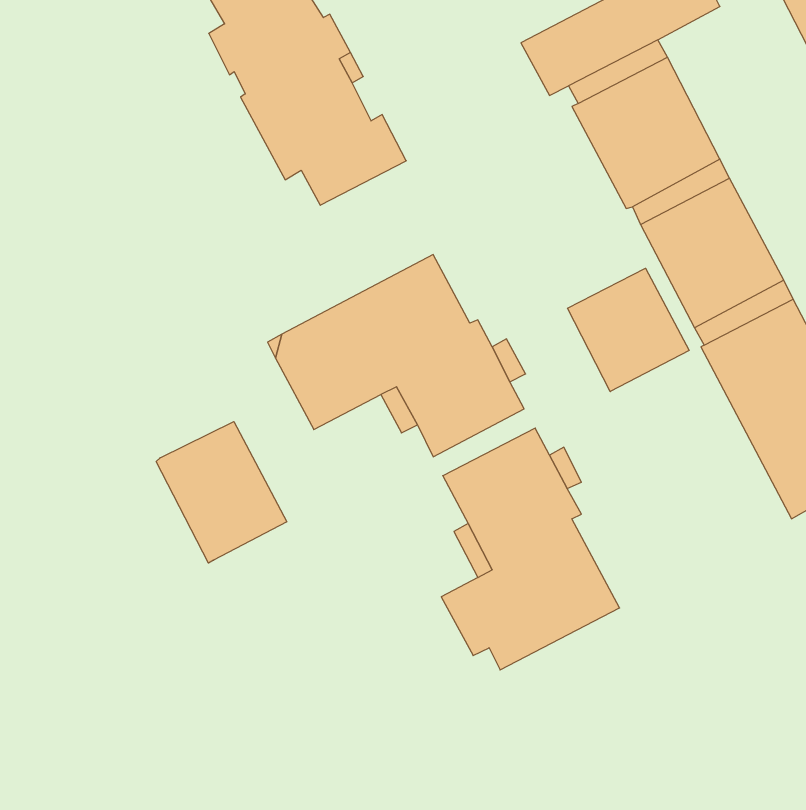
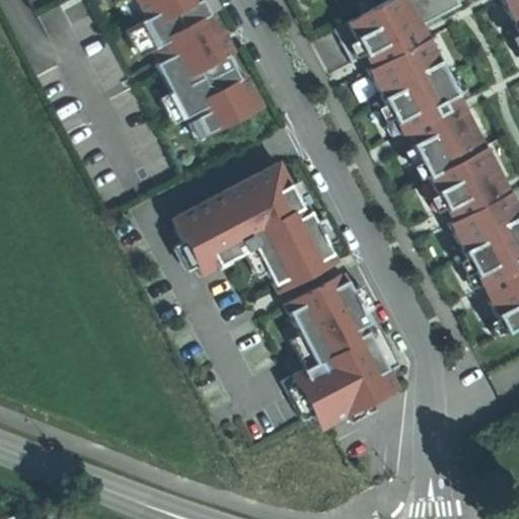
building: [568,268,689,392] -> none
building: [156,422,287,563] -> none

